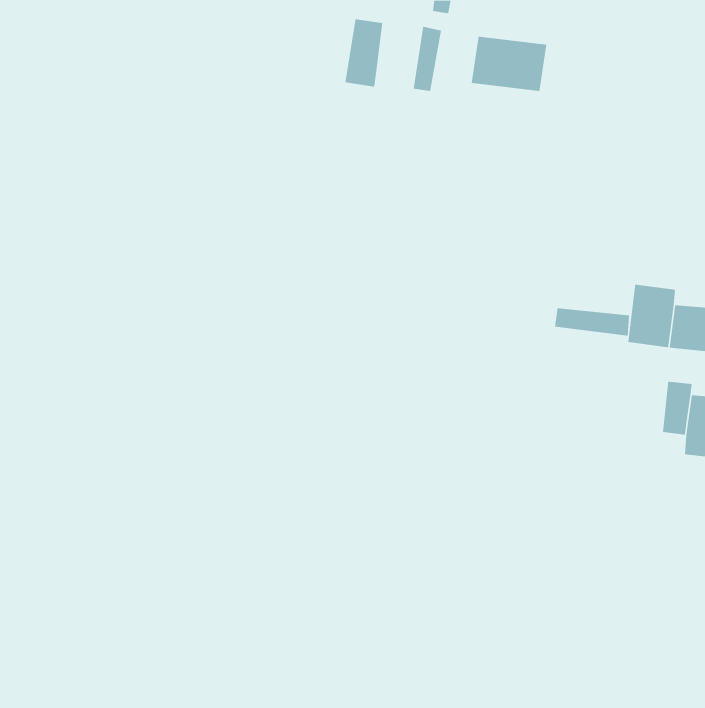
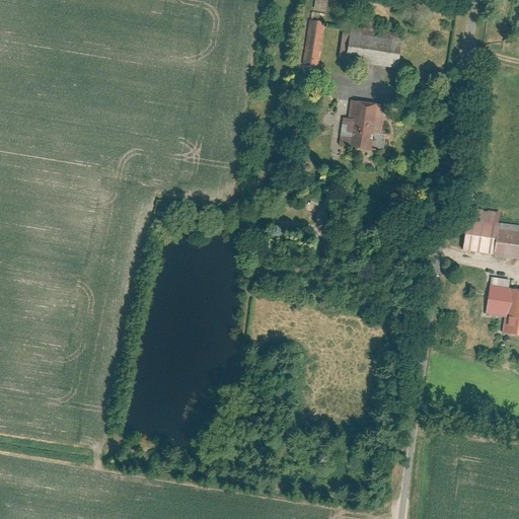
building: [345,18,383,87] -> none
building: none -> [341,99,382,148]
building: [555,307,630,337] -> none

